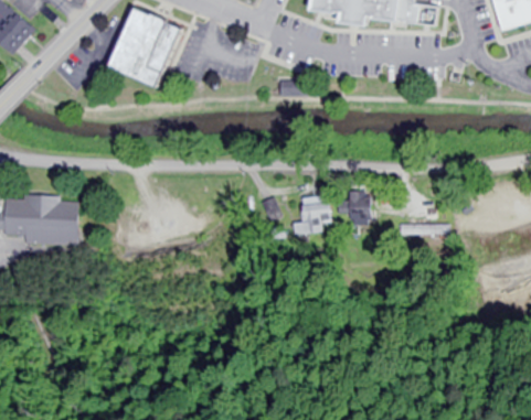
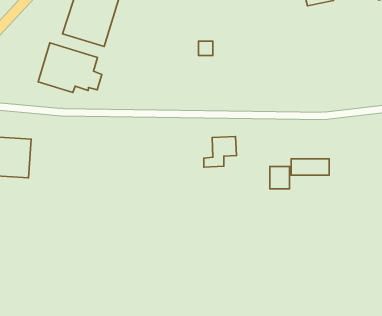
building: none -> [38,43,102,93]
building: [344,192,369,219] -> [270,166,290,189]

